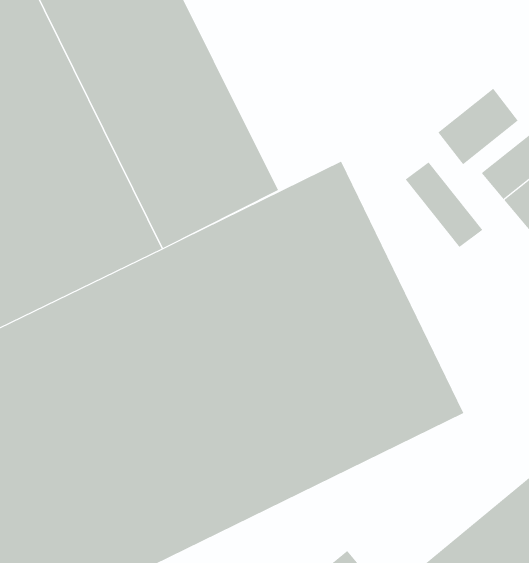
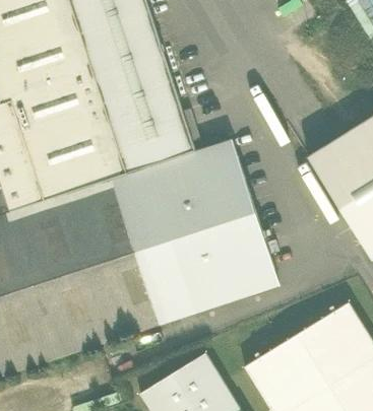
building: [438,88,519,165] -> none
building: [405,162,483,248] -> none

